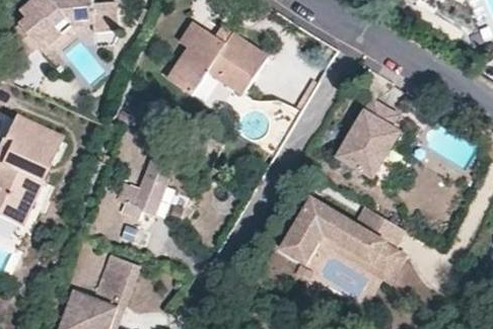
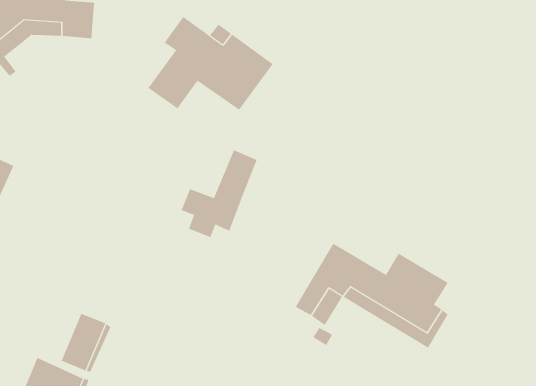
building: [336,95,403,178] -> none
building: [117,149,179,220] -> [181,150,258,238]

